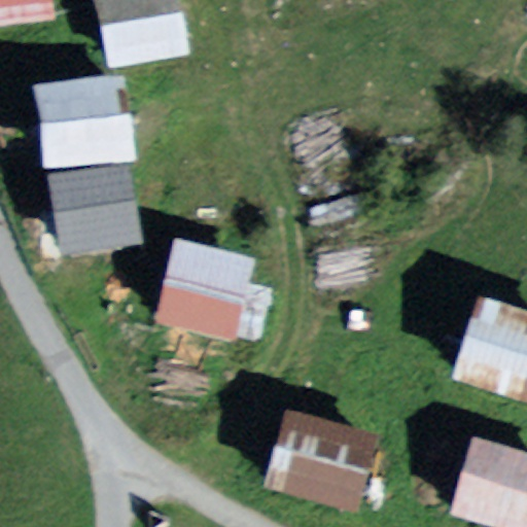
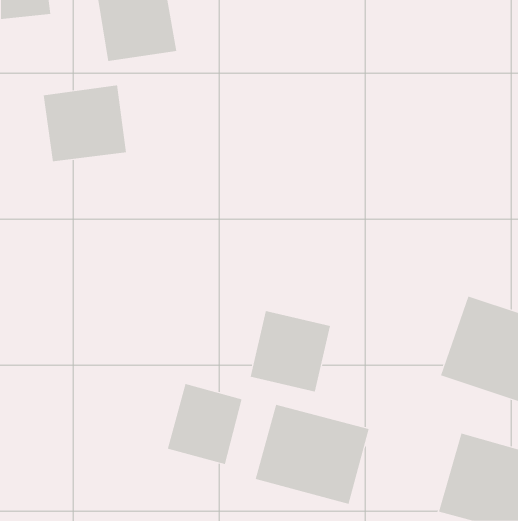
building: [59,177,143,254] -> none
building: [168,255,249,338] -> [250,310,331,392]
building: none -> [167,383,242,465]

